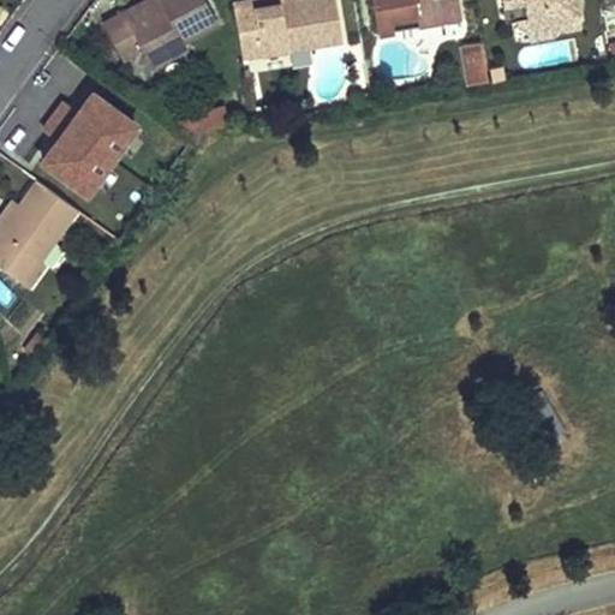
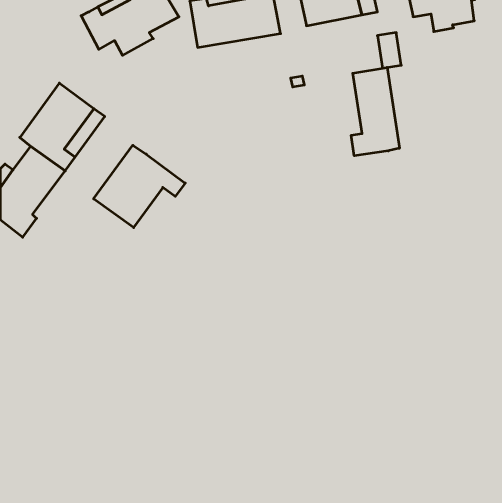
building: none -> [351,67,399,156]
building: none -> [94,145,185,228]

